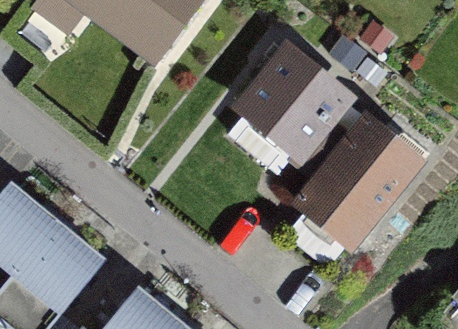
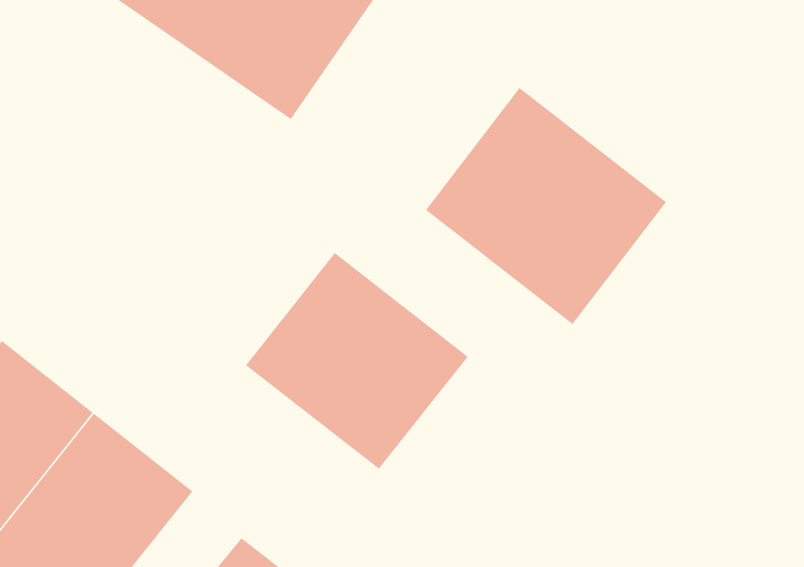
building: [284,111,424,262] -> none
building: none -> [245,252,469,470]

